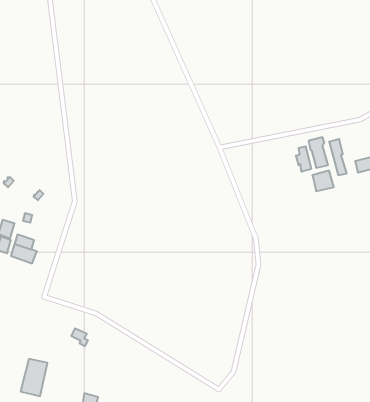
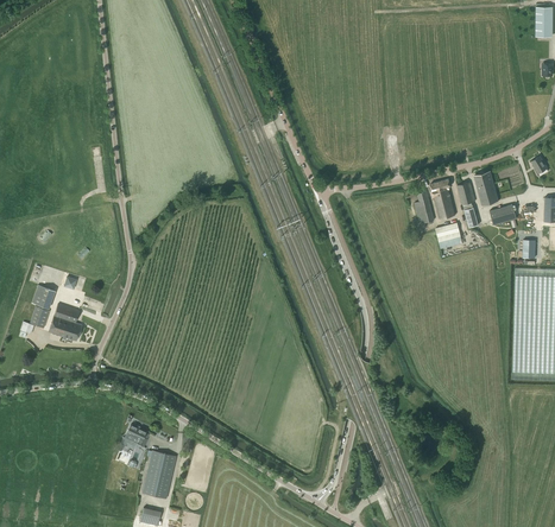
building: none -> [473,172,498,207]
building: [21,359,47,396] -> [141,452,176,500]

